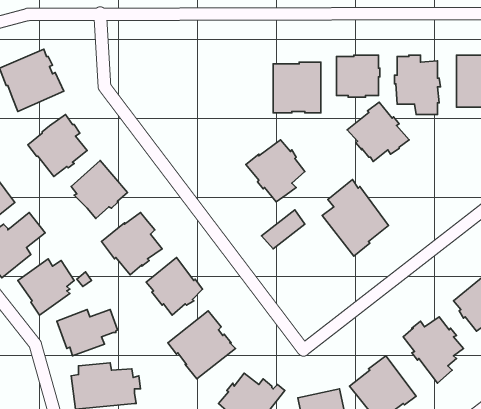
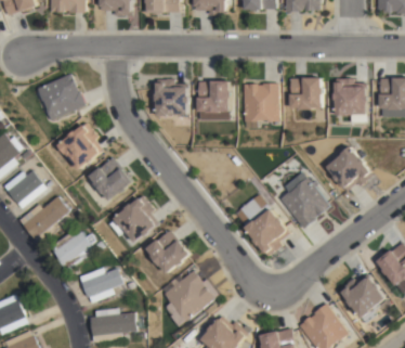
building: none -> [154,78,188,116]
building: none -> [197,80,231,113]
building: [347,102,409,162] -> [326,146,373,191]
building: [246,140,305,202] -> [244,209,288,256]

